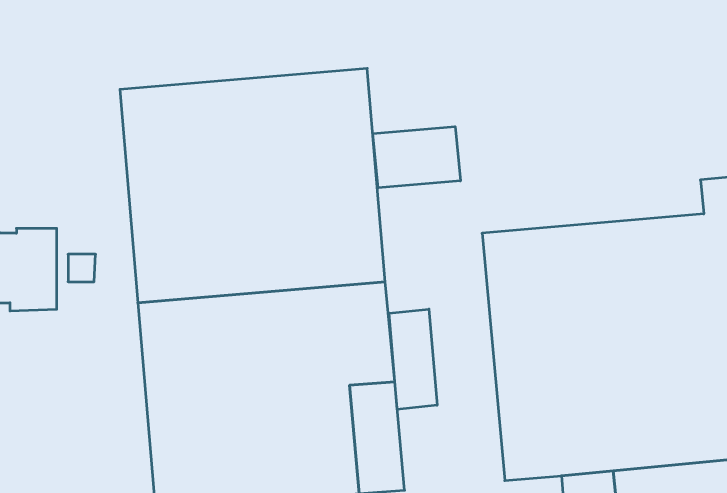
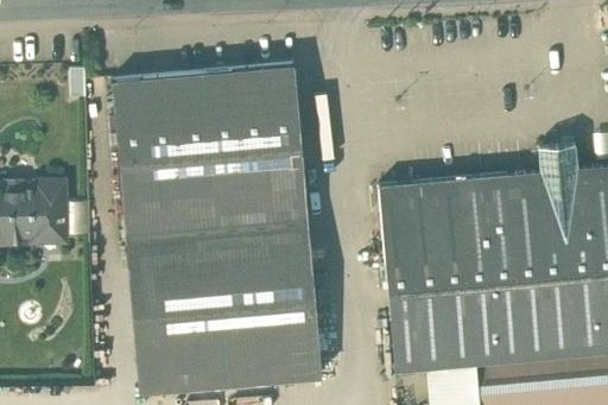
building: [373,127,460,188] -> none
building: [389,309,437,409] -> none

